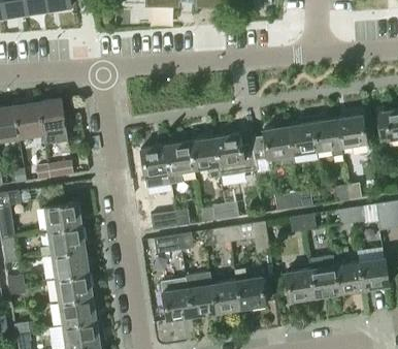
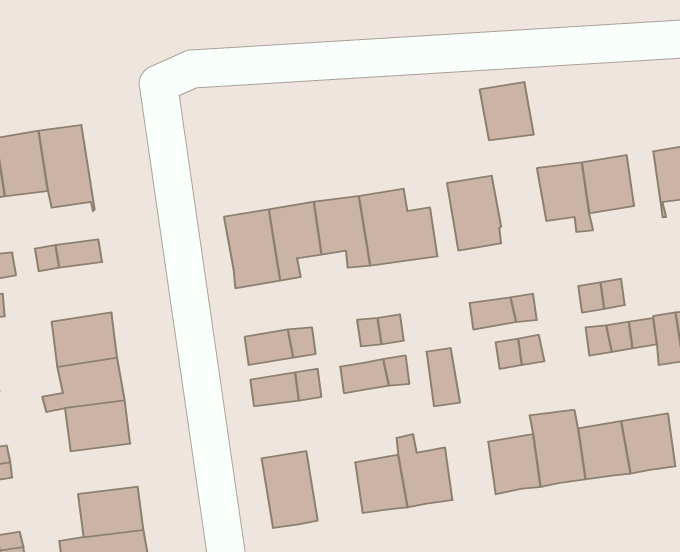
building: [288,122,318,154] -> [480,82,534,140]
building: [186,272,217,316] -> none
building: [56,274,93,302] -> none

